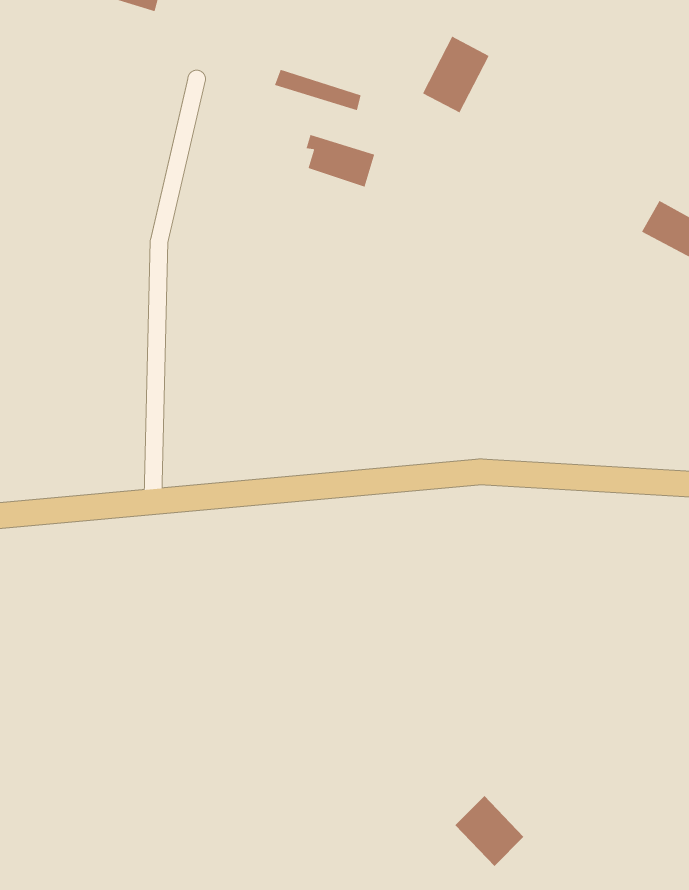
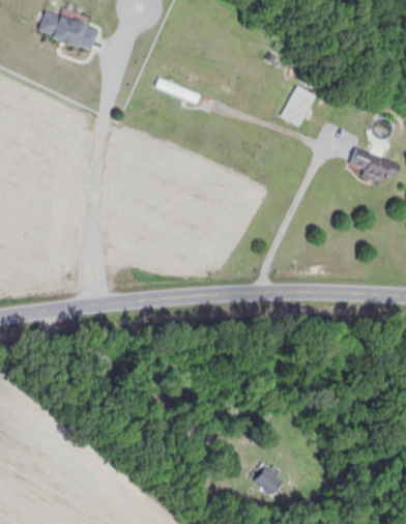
building: [422,36,490,113] -> [281,86,316,126]
building: [306,134,375,187] -> none

